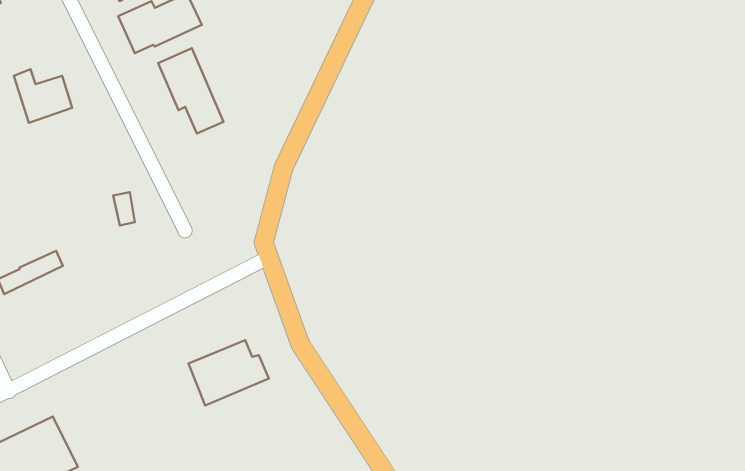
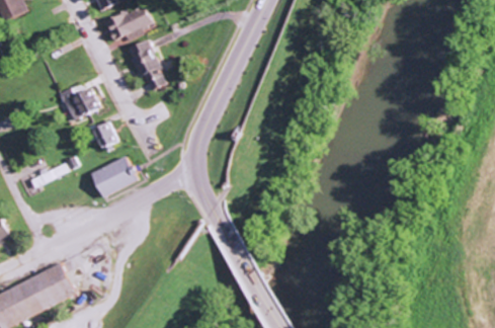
building: [14,69,72,123] -> [61,87,96,119]
building: [188,340,269,405] -> [93,156,142,195]

